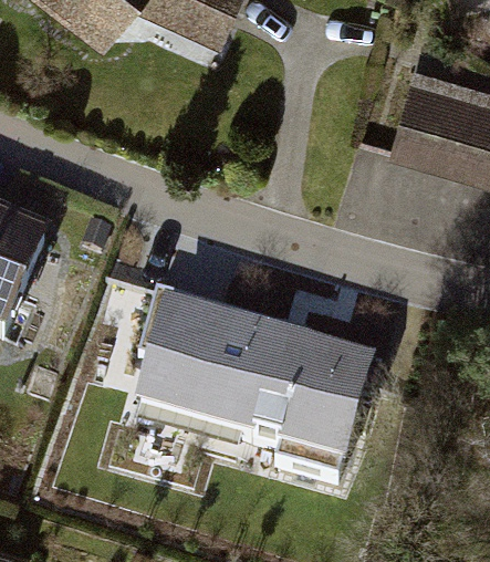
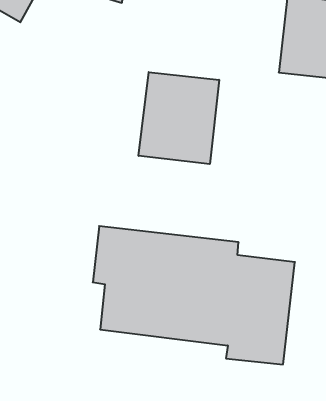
building: none -> [139,72,219,164]

